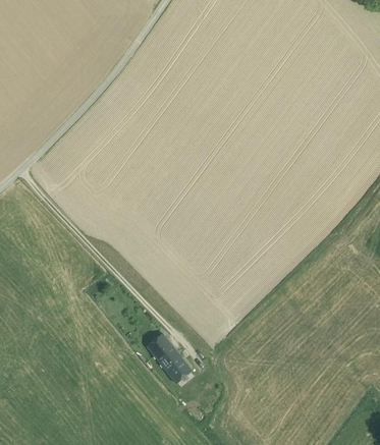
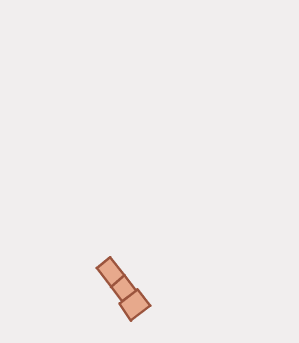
building: none -> [120,289,150,321]

